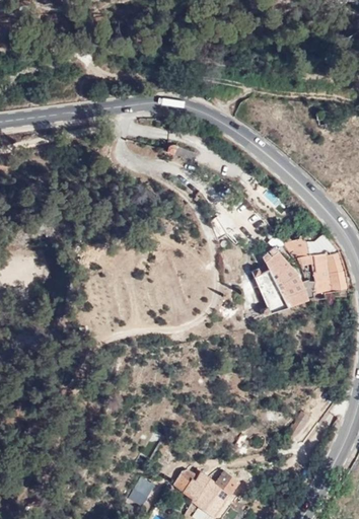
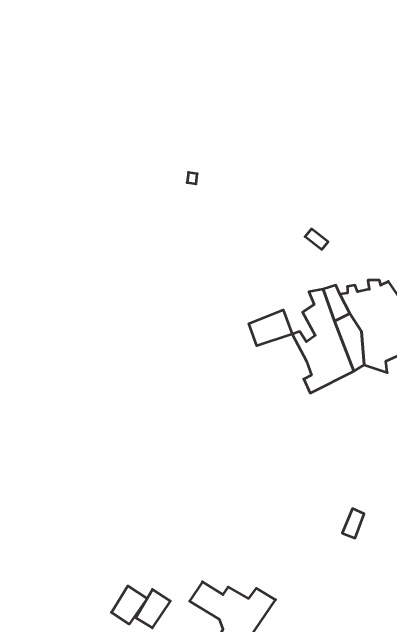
building: none -> [249,310,292,346]
building: none -> [111,586,147,624]

